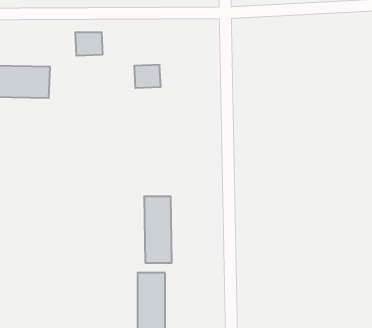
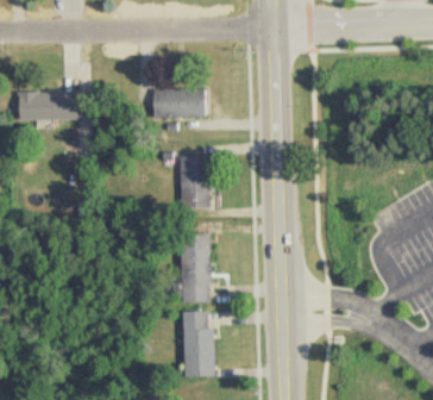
building: [75,32,103,56] -> [142,90,171,115]
building: none -> [178,154,209,211]

